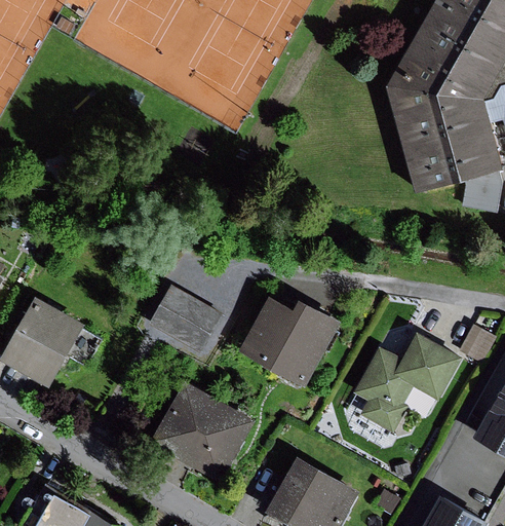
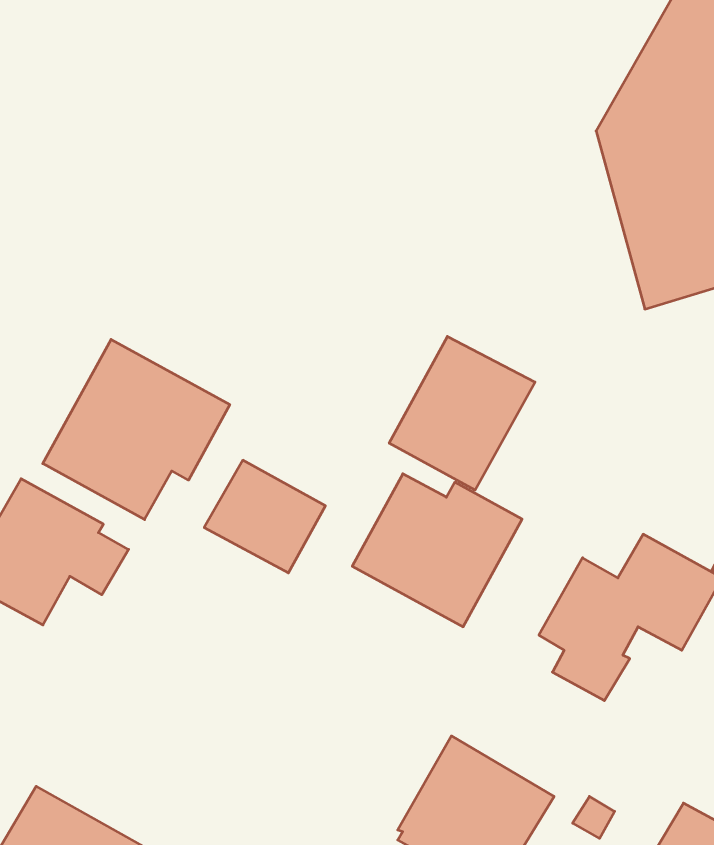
building: none -> [389,336,535,490]
building: none -> [43,339,230,520]
building: [149,382,254,483] -> none

